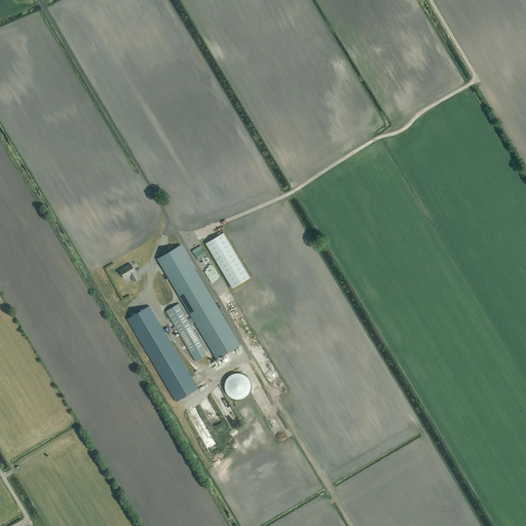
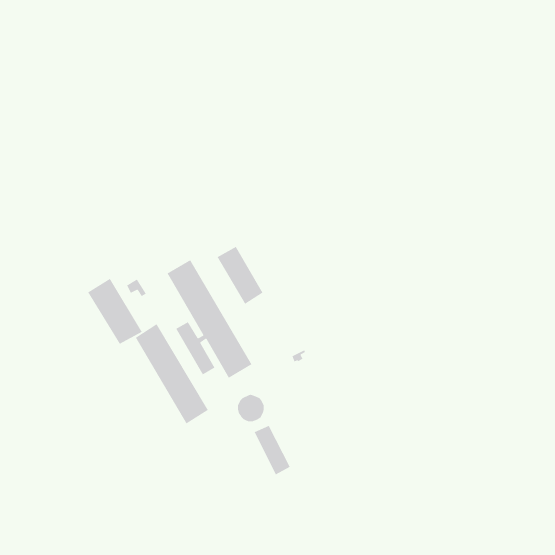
building: none -> [87,278,143,345]
building: none -> [253,425,291,476]

